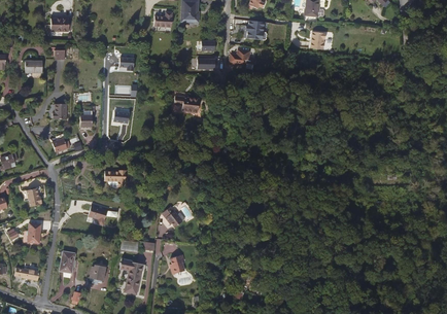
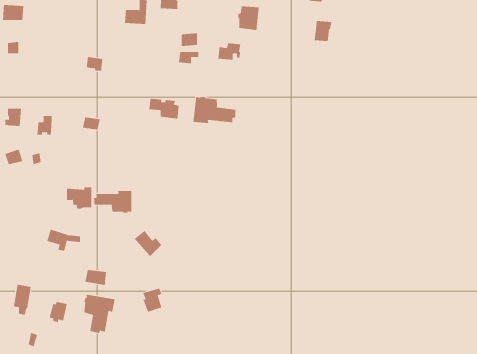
building: none -> [193,96,236,124]
building: none -> [93,190,132,214]

